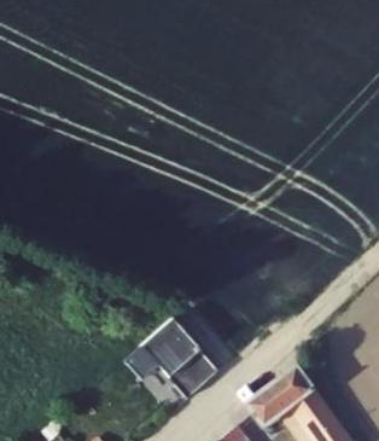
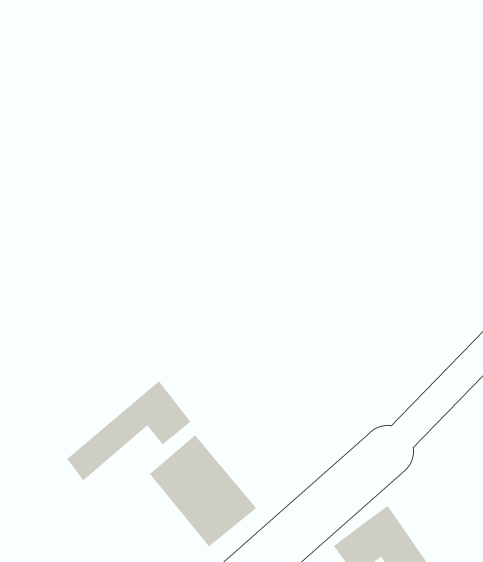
building: none -> [66,380,192,481]

